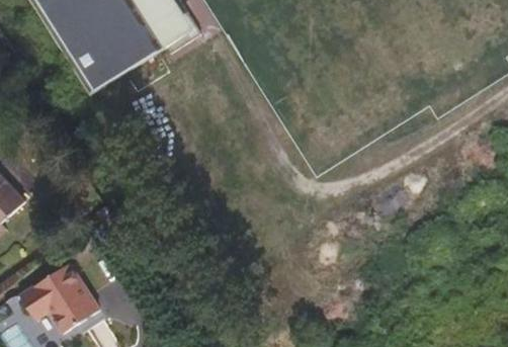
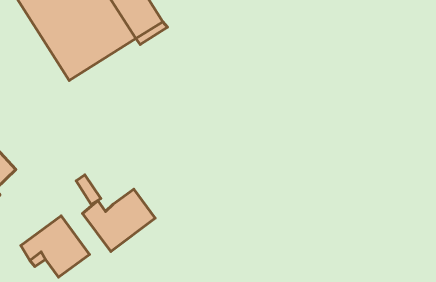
building: none -> [83,189,155,252]

